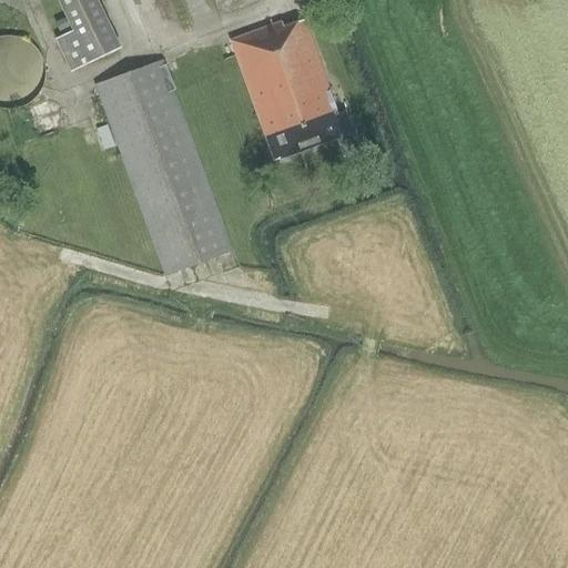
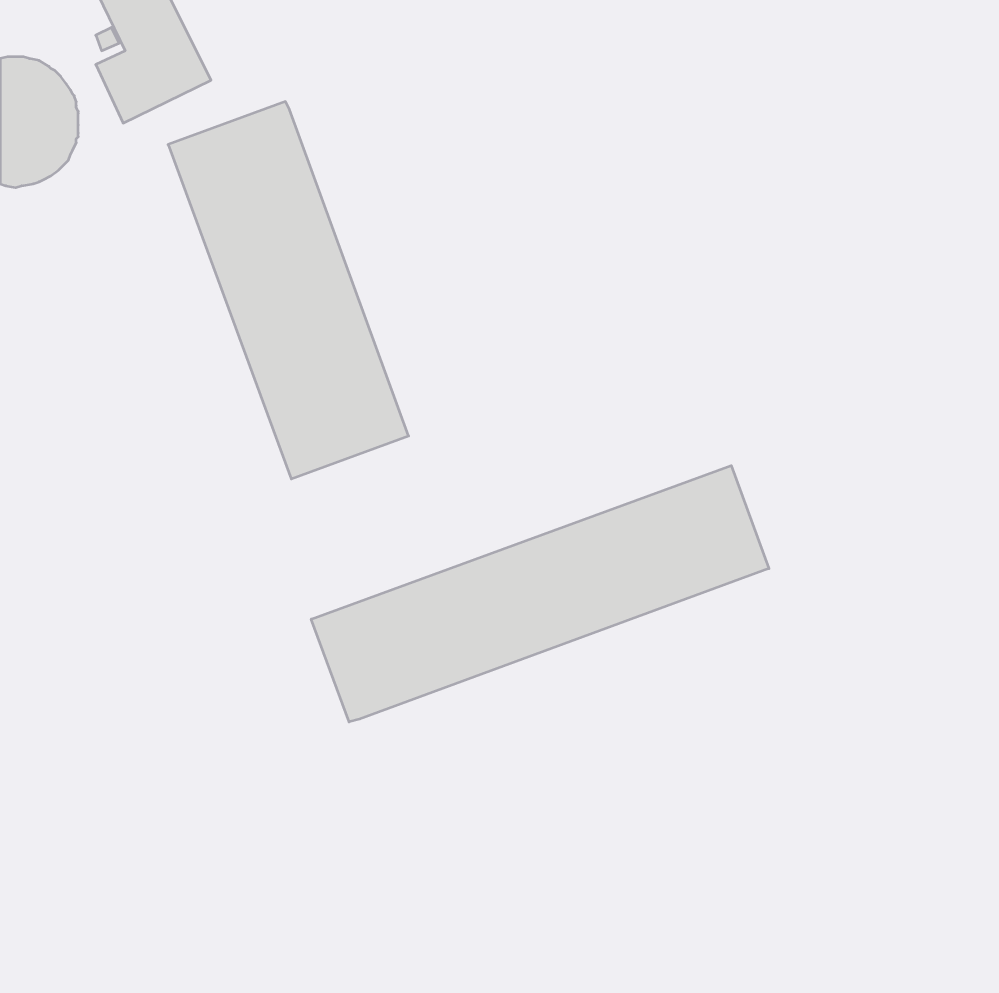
building: [231,17,353,158] -> none
building: none -> [311,466,769,722]

